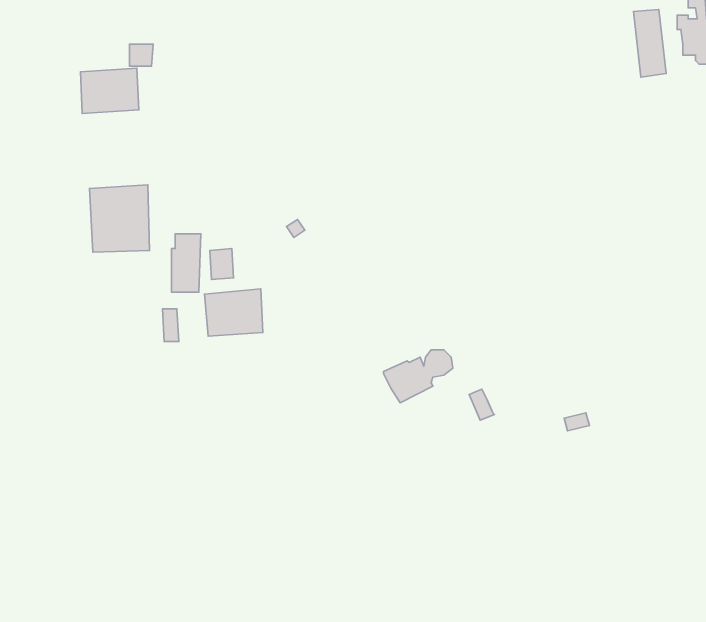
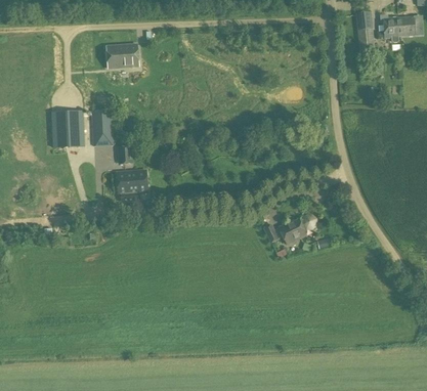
building: [80,68,139,114] -> [105,43,138,69]
building: none -> [90,108,112,132]
building: [384,350,453,403] -> [277,214,316,244]

